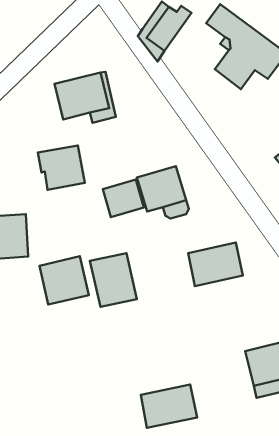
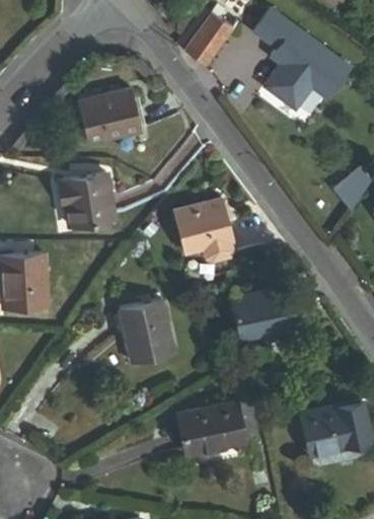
building: [103,179,144,217] -> none
building: [39,256,89,305] -> none
building: [141,384,197,428] -> [179,402,245,453]

